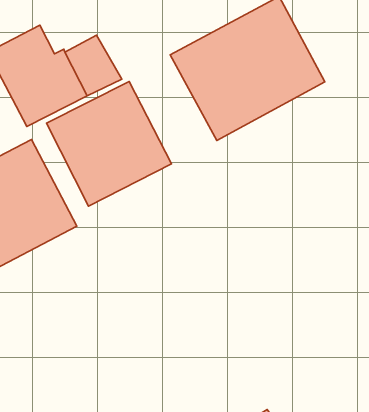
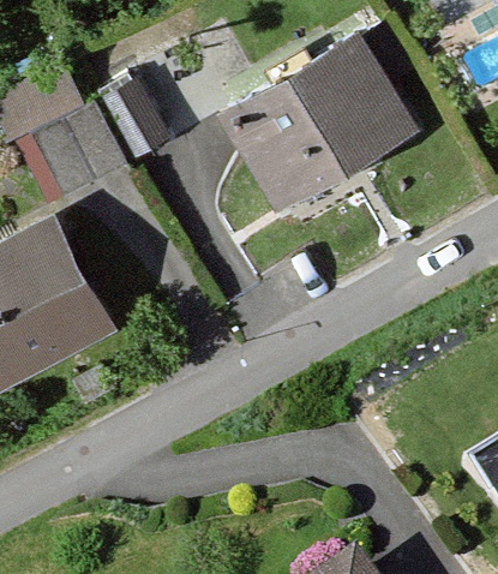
building: [46,82,171,206] -> none

